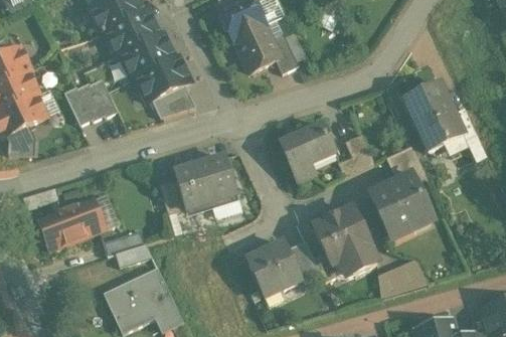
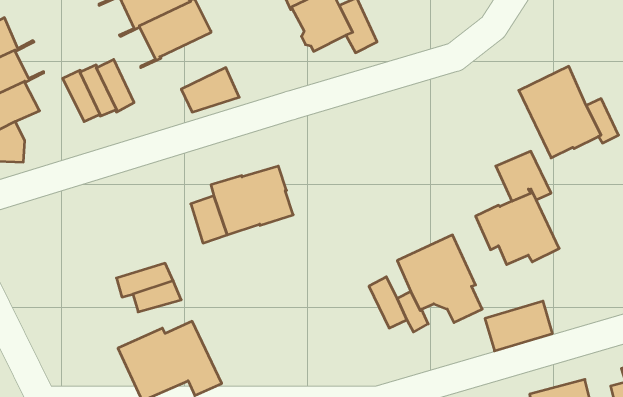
building: [136,55,190,102] -> none
building: [282,124,335,182] -> none
building: [339,134,374,176] -> none
building: [37,198,104,250] -> none
building: [246,240,302,297] -> none

